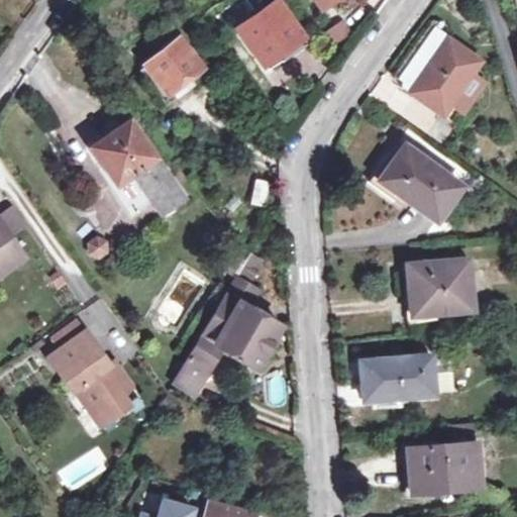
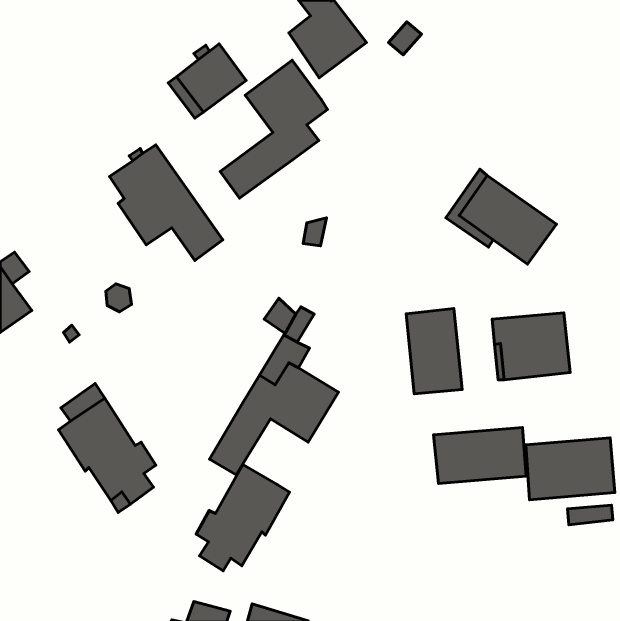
building: [399,25,488,114] -> none
building: none -> [220,60,328,198]
building: none -> [406,309,462,394]
building: none -> [196,464,290,571]
building: [409,443,483,495] -> [526,438,615,500]

